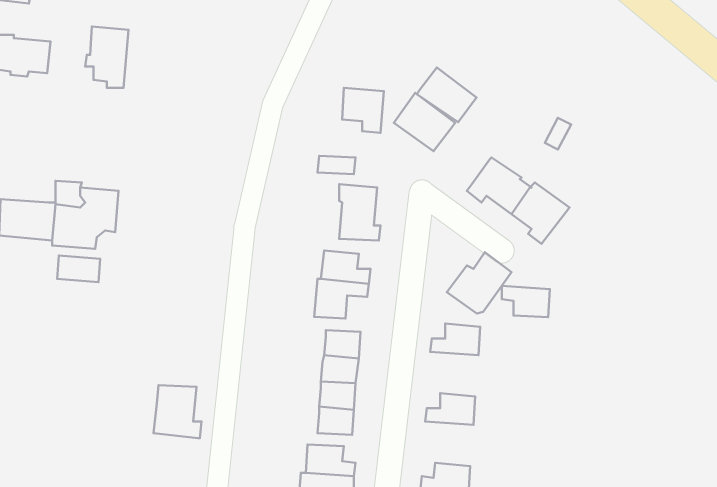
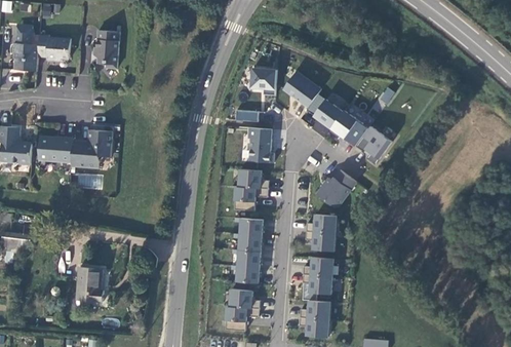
building: [417,68,477,122] -> [306,93,343,127]
building: [502,286,550,317] -> [306,231,336,250]
building: [153,385,202,438] -> [79,269,109,302]
building: none -> [302,274,332,294]

